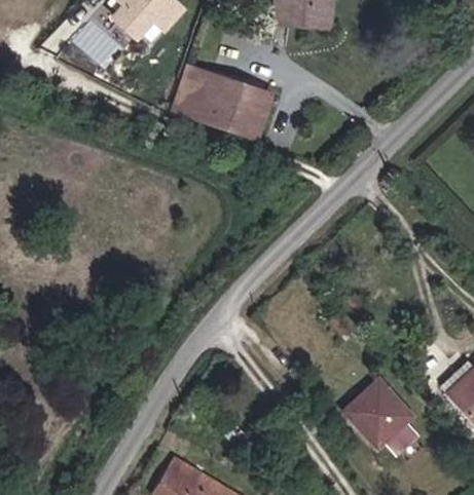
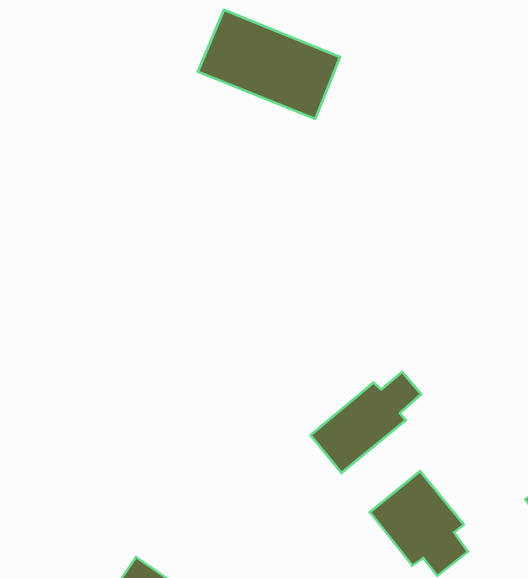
building: none -> [311,372,421,473]

